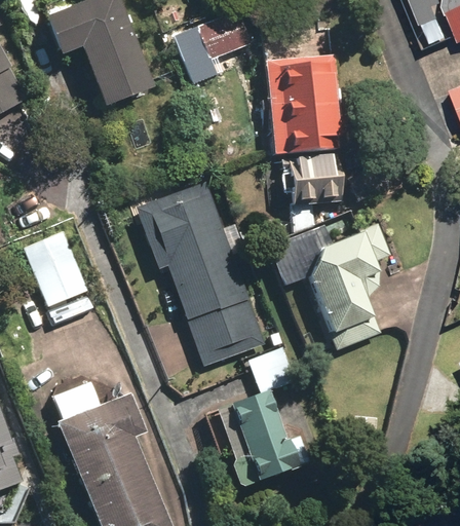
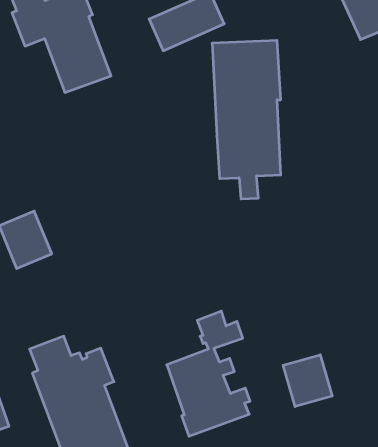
building: [133,181,262,370] -> none
building: [265,222,391,348] -> none
building: none -> [283,355,332,407]

